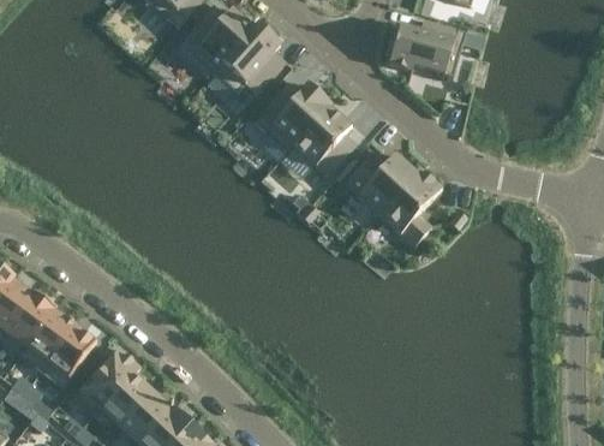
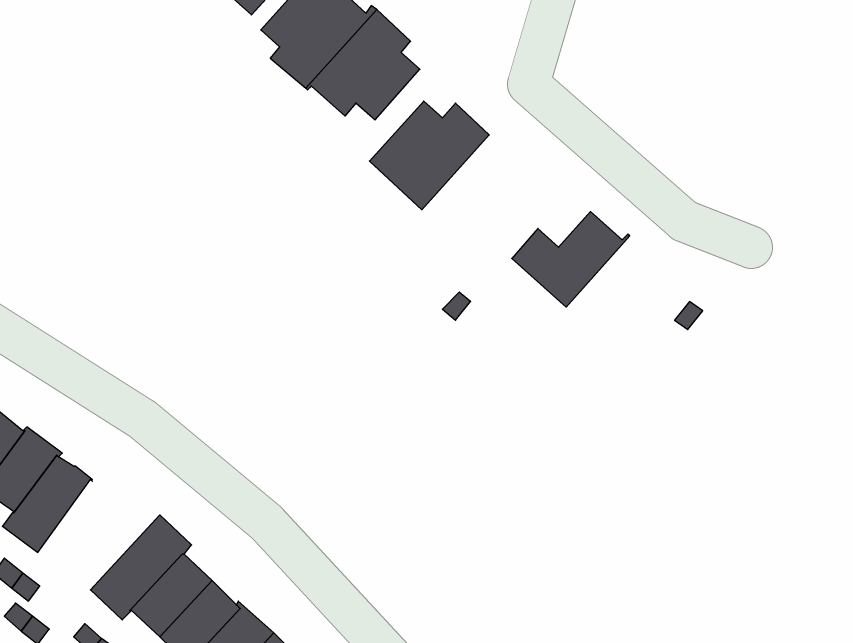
building: [387,25,465,77] -> none
building: [286,105,355,177] -> none
building: [378,170,441,246] -> none
building: [40,326,95,388] -> none

